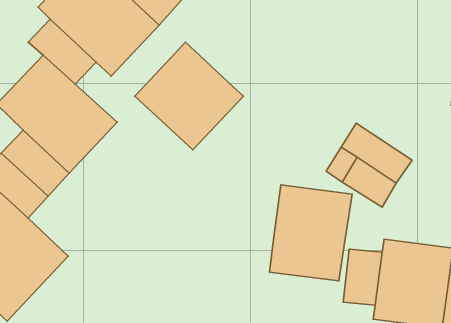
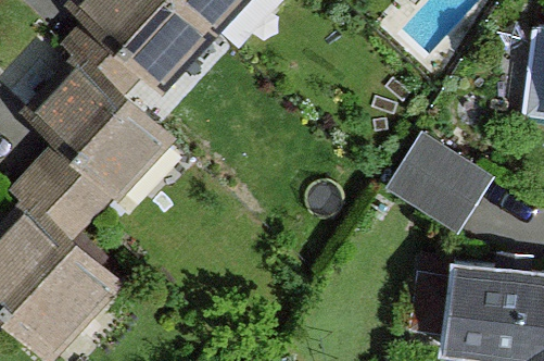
building: [135,42,243,150] -> none
building: [270,185,352,281] -> none

